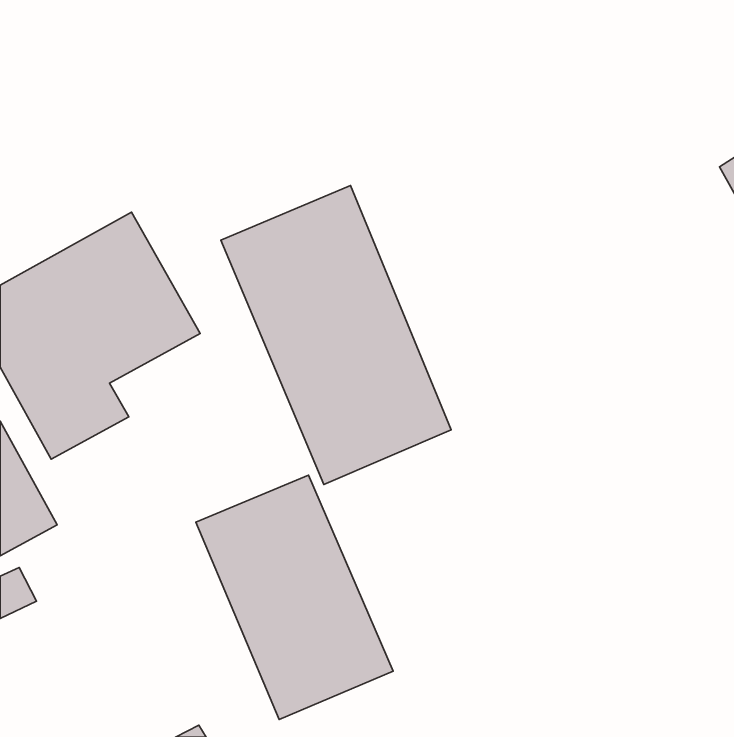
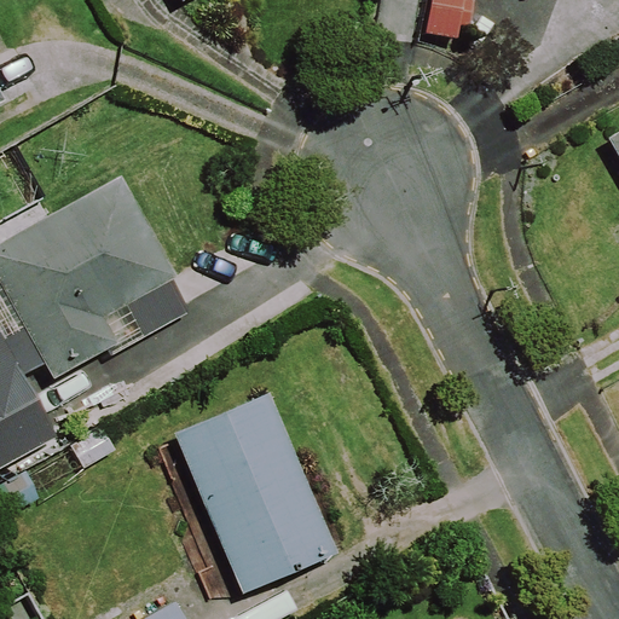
building: [221,186,451,484] -> none

